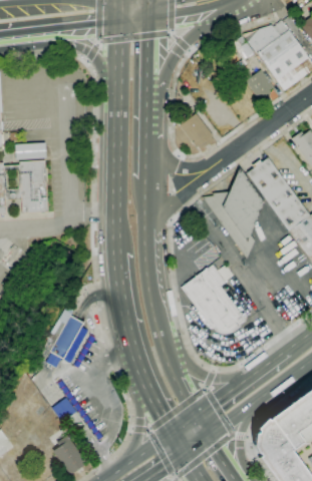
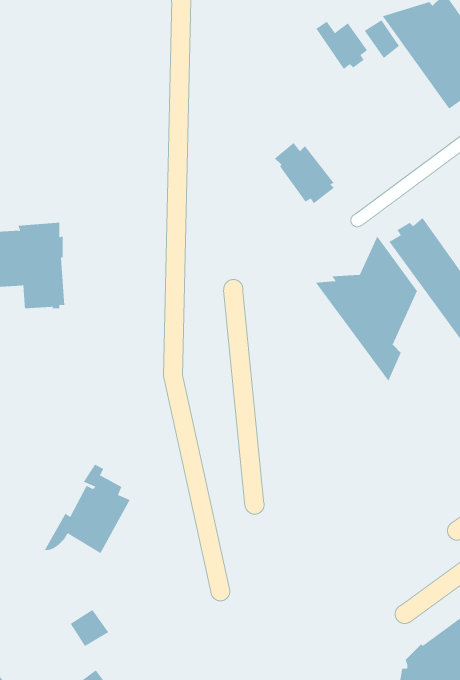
building: [241,69,273,99] -> [316,21,368,70]
building: [14,142,45,159] -> none
building: [182,265,246,333] -> none

